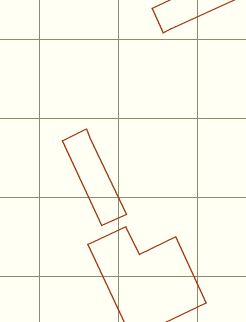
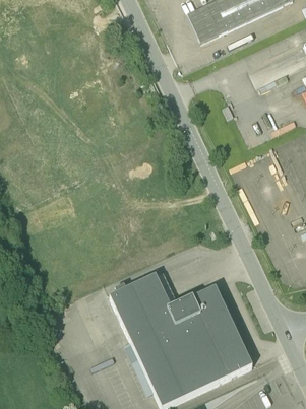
building: [62,129,126,226] -> none

